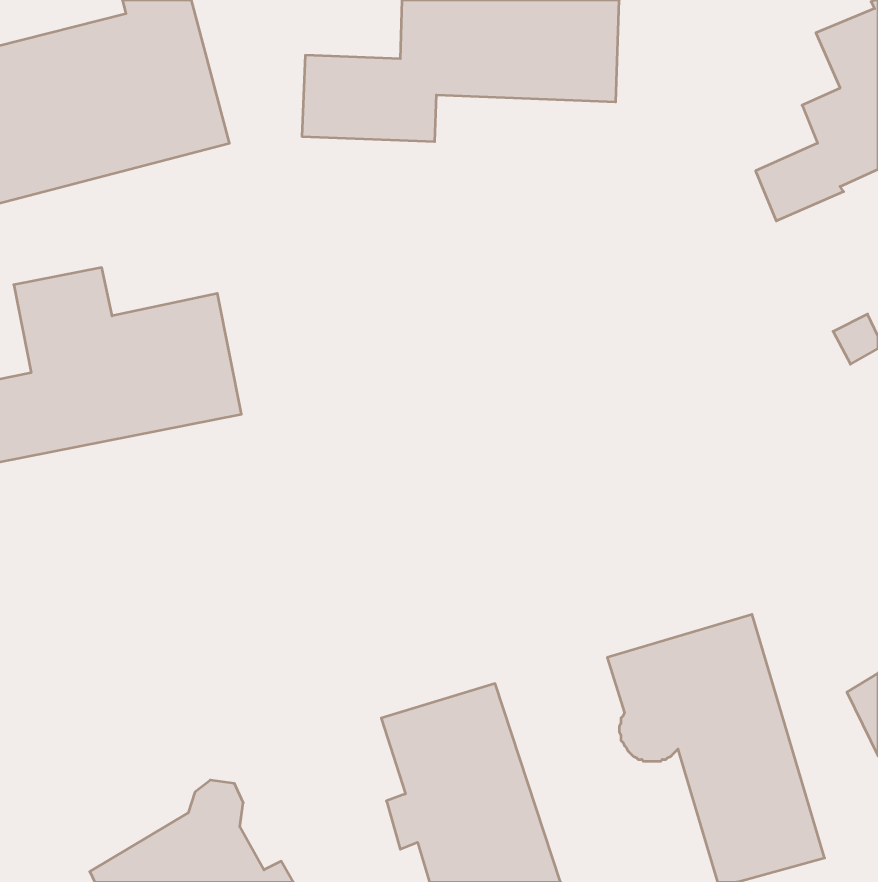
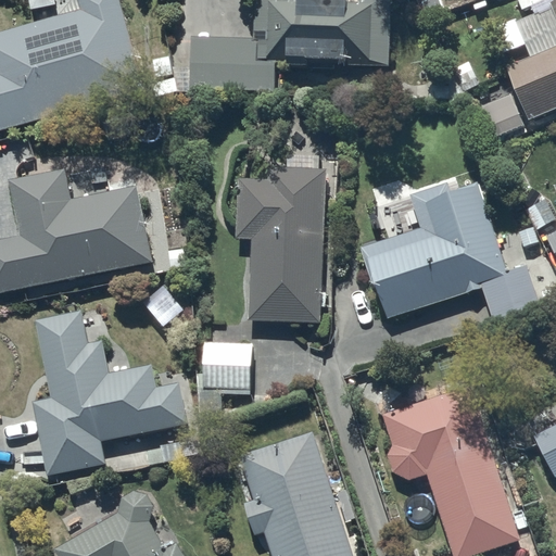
building: none -> [235,154,325,321]
building: none -> [358,180,538,319]
building: none -> [33,309,188,477]
building: none -> [203,342,253,388]

